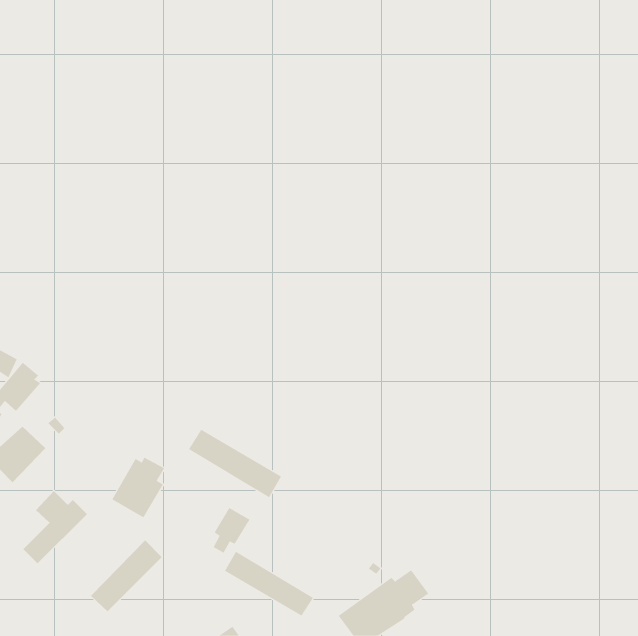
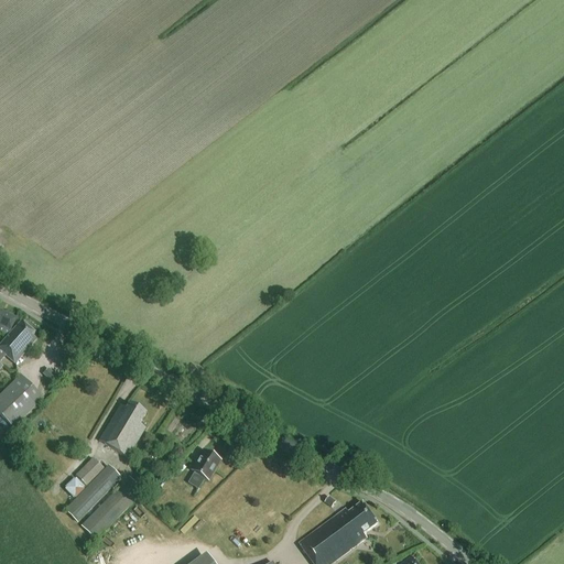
building: [188,429,282,498] -> none
building: [23,490,88,564] -> [64,456,121,521]
building: [224,551,314,617] -> none

